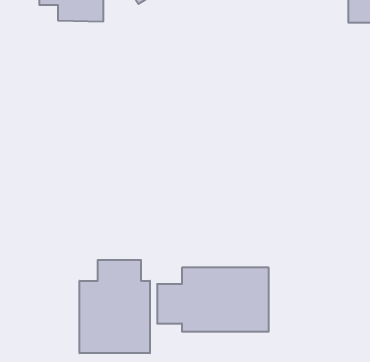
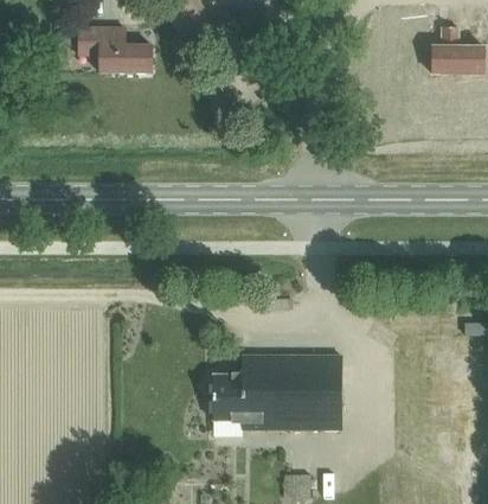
building: [80,260,150,353] -> none

